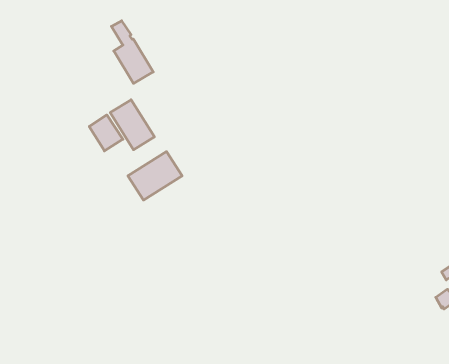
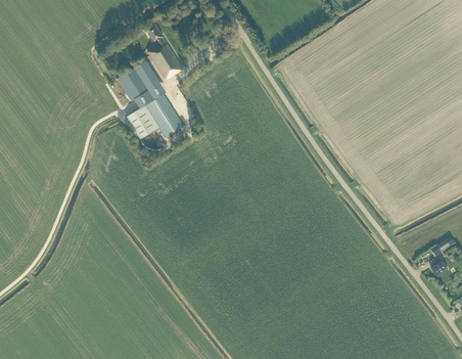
building: none -> [115,59,159,100]
building: [128,152,182,200] -> none

